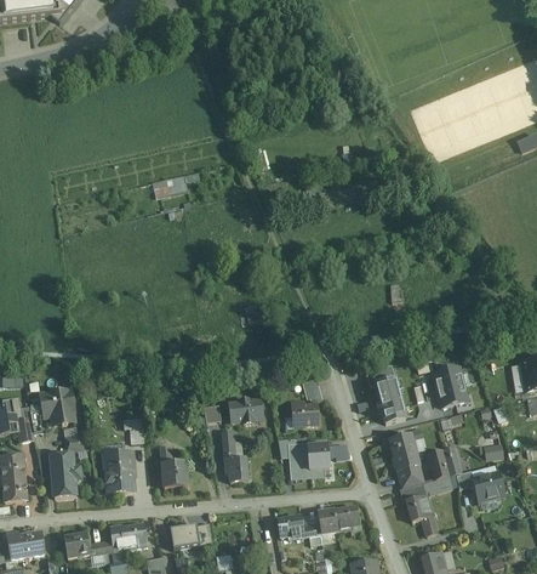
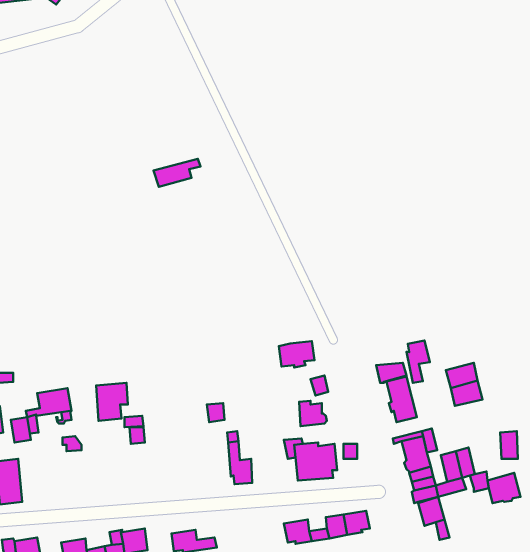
building: none -> [406,340,430,383]
building: [228,398,262,424] -> [279,341,314,368]
building: [160,445,187,488] -> none
building: [51,455,74,496] -> none
building: [103,456,133,493] -> [96,383,128,421]

